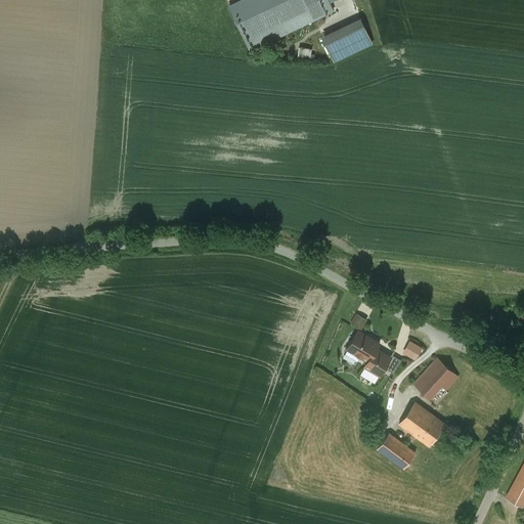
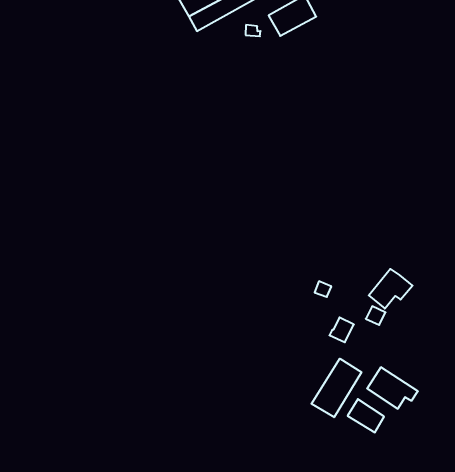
building: [347,331,380,361] -> none
building: [413,358,458,398] -> [369,269,413,309]
building: none -> [311,359,361,417]

